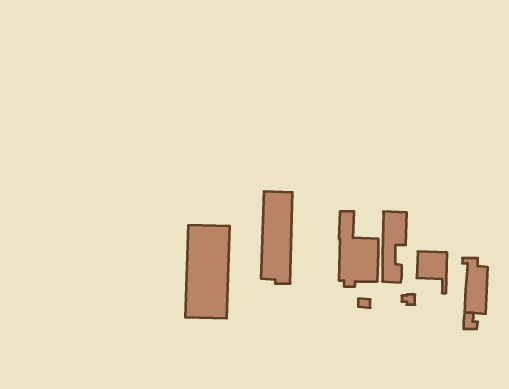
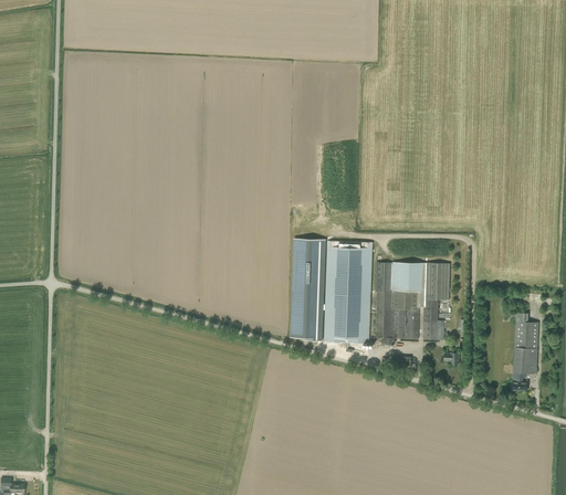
building: [185,225,230,318] -> [324,241,373,343]
building: [417,252,447,293] -> [391,262,424,307]

